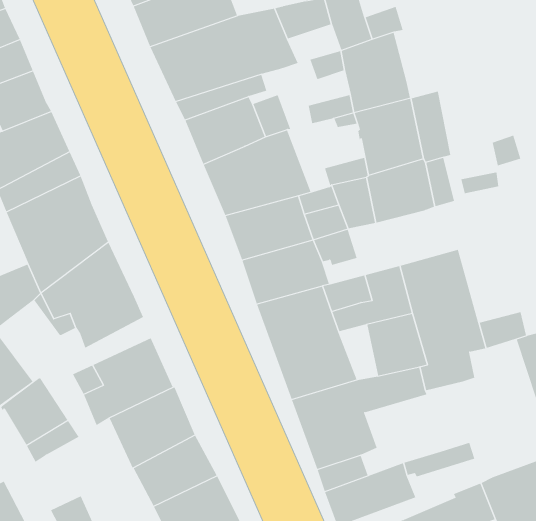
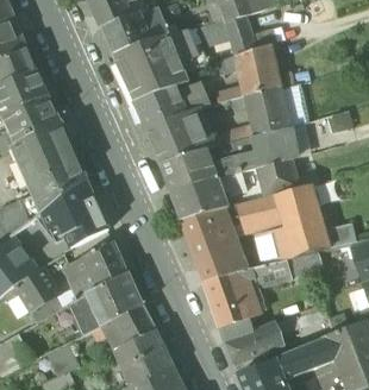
building: none -> [258,159,298,194]
building: none -> [67,294,101,335]

